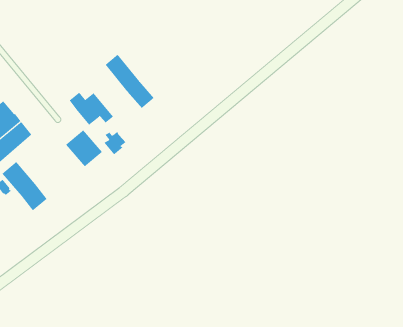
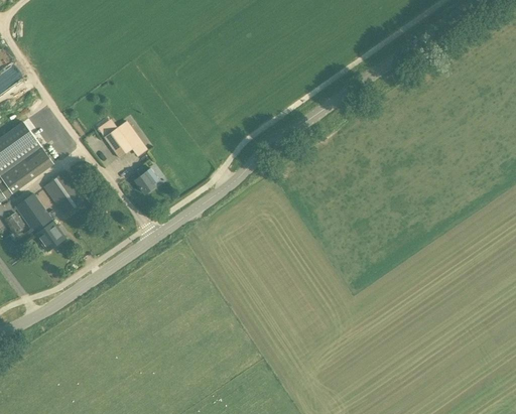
building: [105,54,155,109] -> none
building: [65,130,103,167] -> [42,170,85,214]

